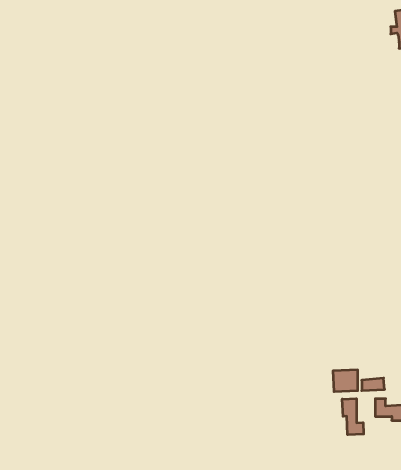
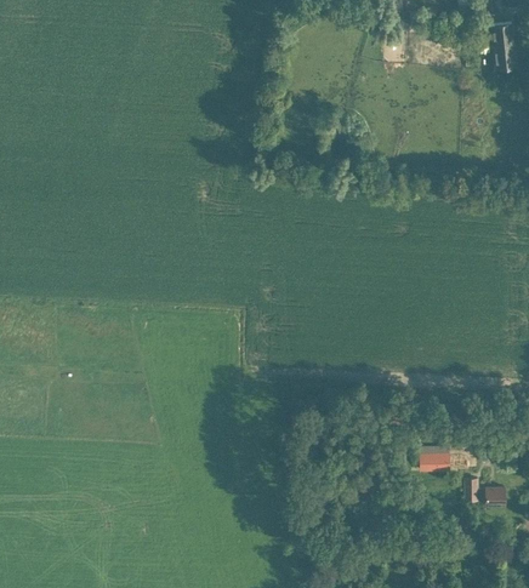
building: [342,399,364,435] -> none

